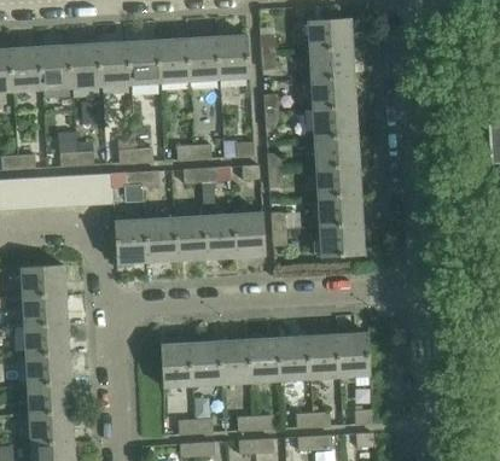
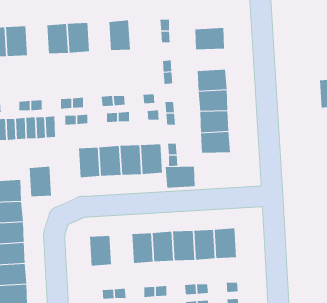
building: [307,17,350,49] -> none
building: [215,35,248,78] -> none
building: [157,39,188,81] -> none
building: [69,43,100,87] -> none
building: [309,77,353,109] -> none
building: [112,218,145,262] -> [29,166,52,197]
building: [318,224,361,256] -> [165,166,196,188]
building: [188,340,221,384] -> none

